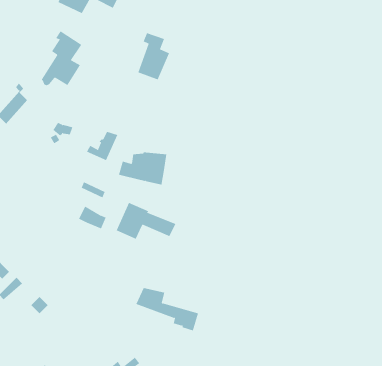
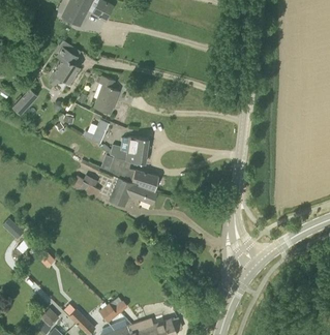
building: [138,32,170,80] -> [93,74,119,113]
building: [136,287,199,331] -> [108,156,158,191]

